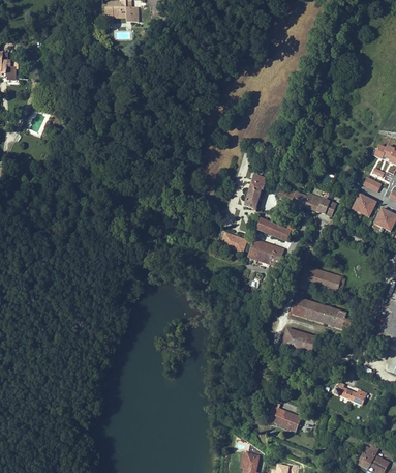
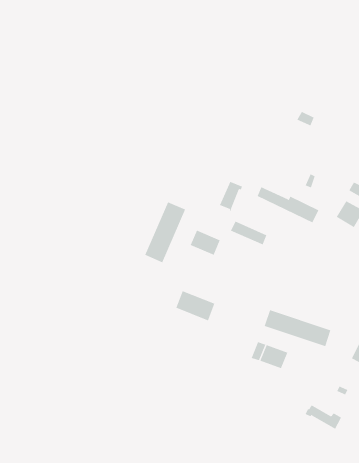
building: none -> [144,201,186,263]
building: [246,238,282,265] -> [175,290,215,321]
building: [301,265,344,293] -> none
building: [265,402,300,432] -> none

